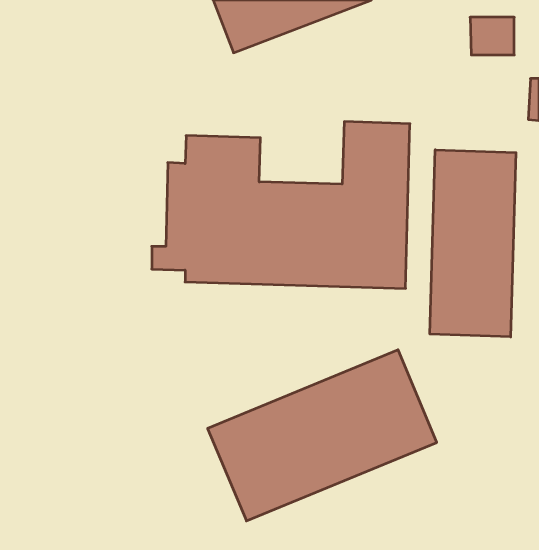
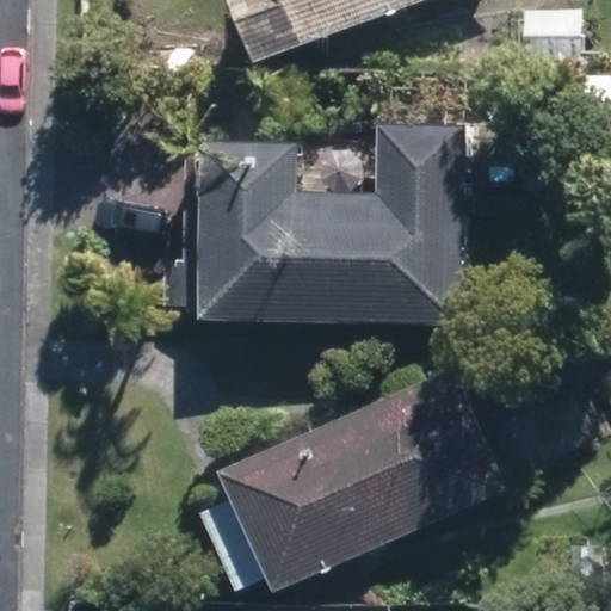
building: [430,150,516,337] -> none

